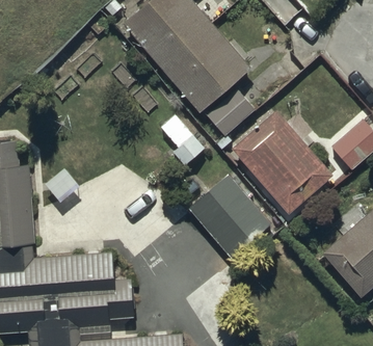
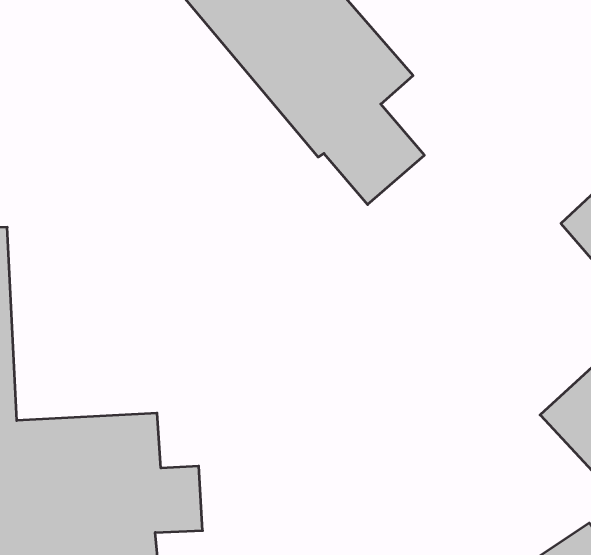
building: [232,111,332,215] -> none
building: [187,174,271,260] -> none

